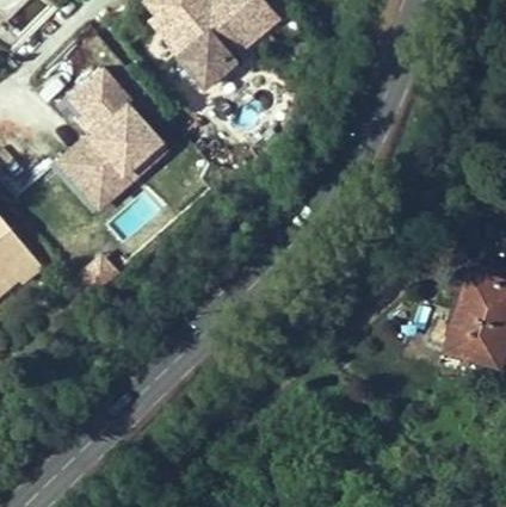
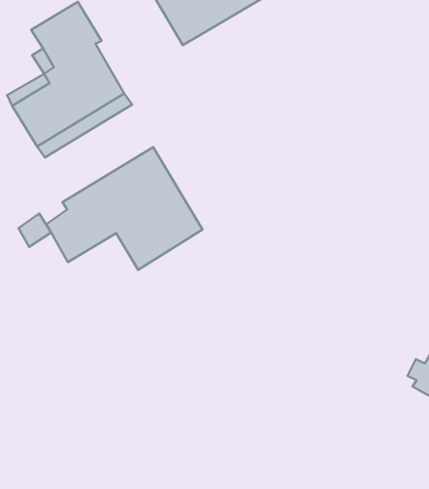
building: none -> [46,147,203,270]

